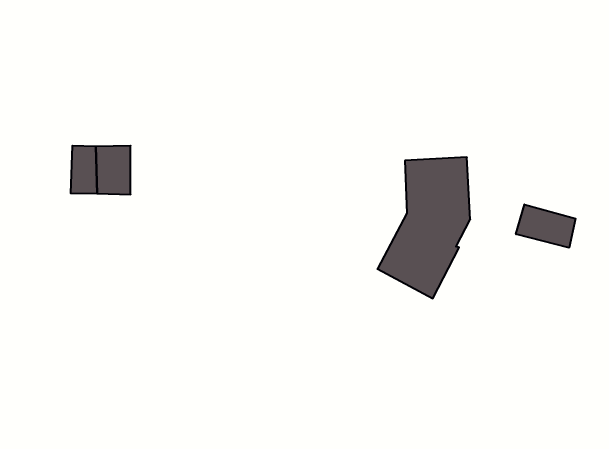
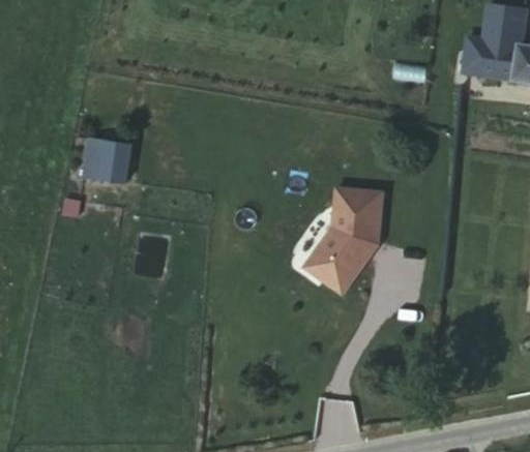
building: [516,204,576,248] -> none

